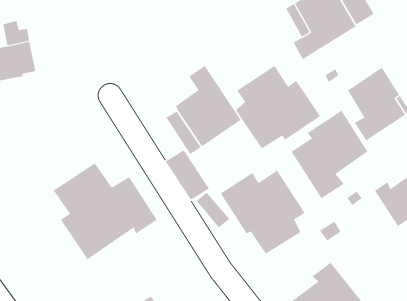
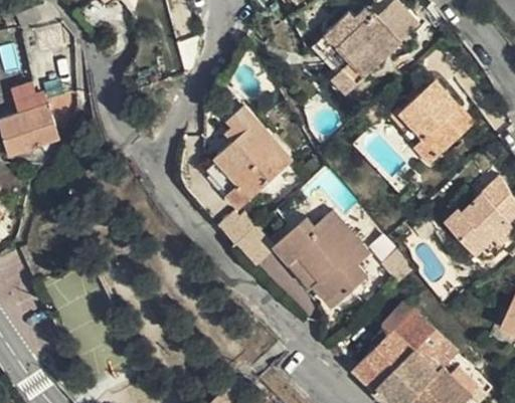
building: [235,65,321,149] -> none
building: [291,110,368,199] -> none
building: [53,163,157,260] -> none

